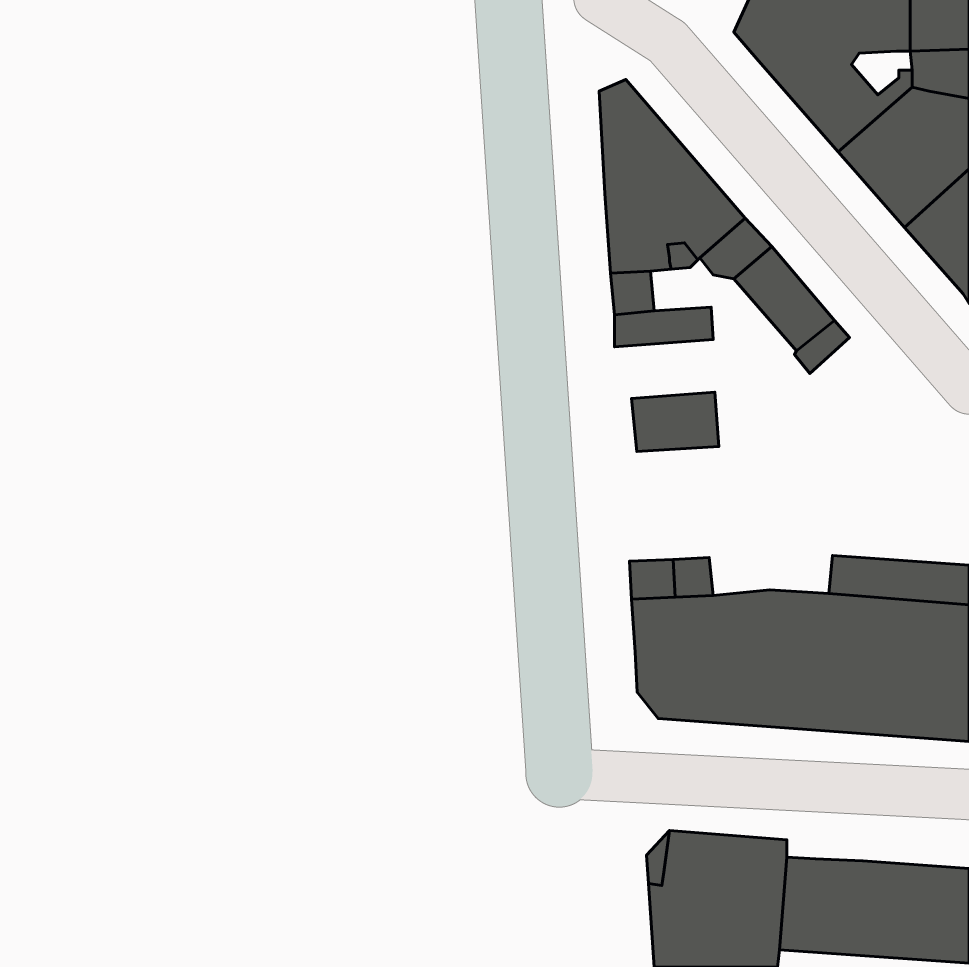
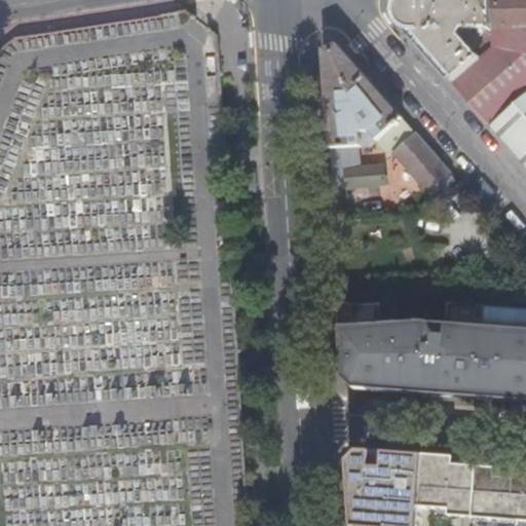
building: [631,392,719,452] -> none

